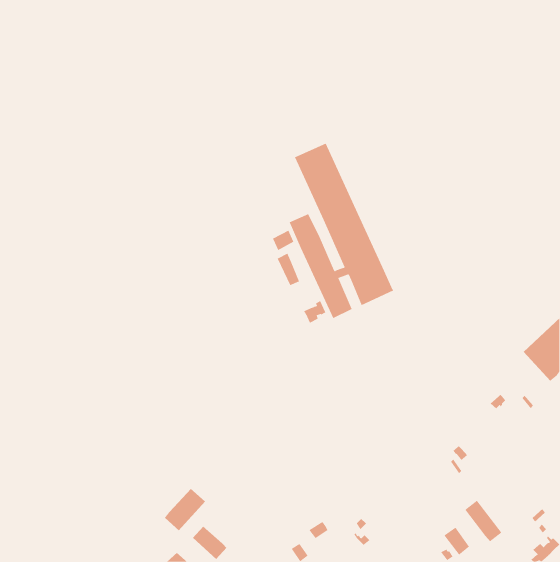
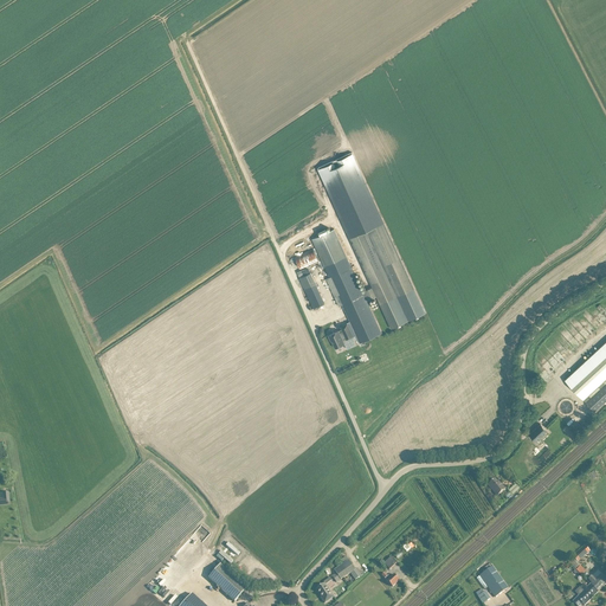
building: [164,488,206,531] -> none
building: [465,500,502,542] -> none

